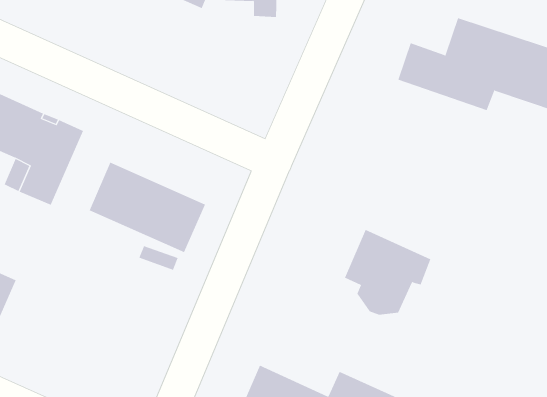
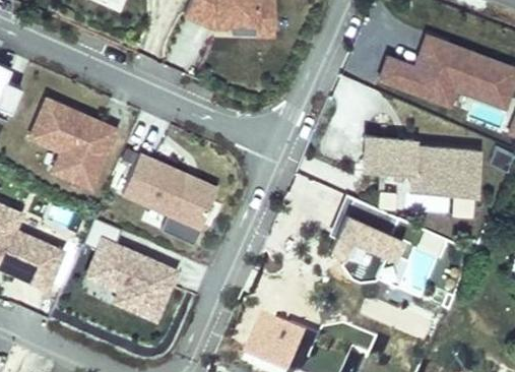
building: none -> [362,132,481,191]
building: none -> [83,216,176,316]

